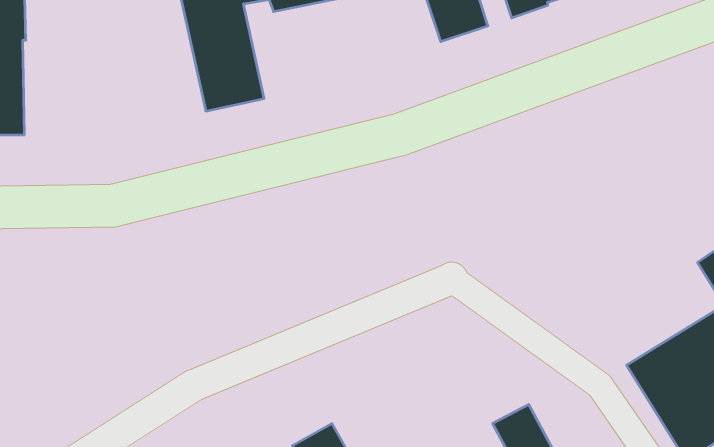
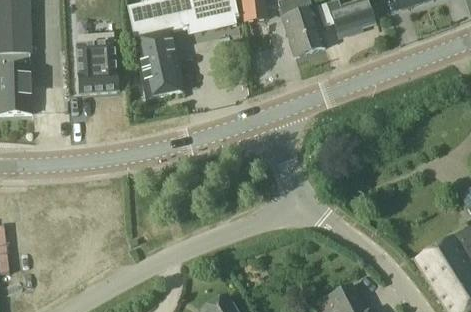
building: none -> [75,33,117,93]

